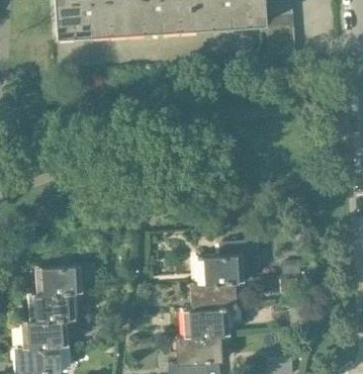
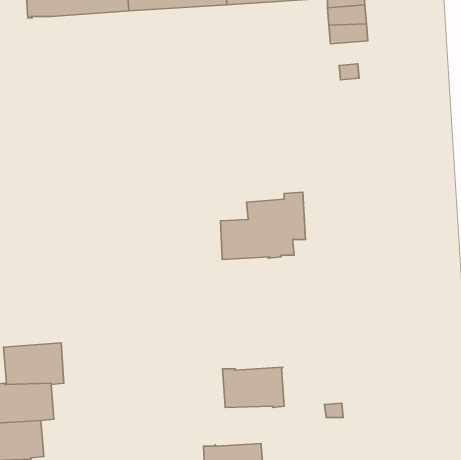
building: [202,240,262,287] -> [221,192,306,260]
building: [188,312,231,341] -> none

